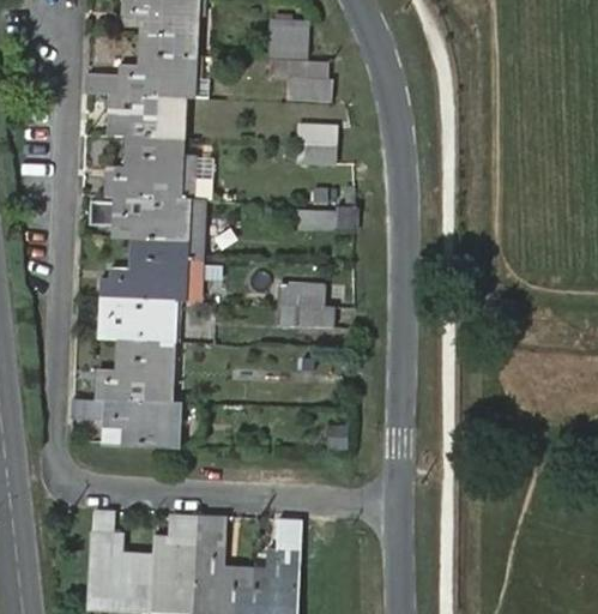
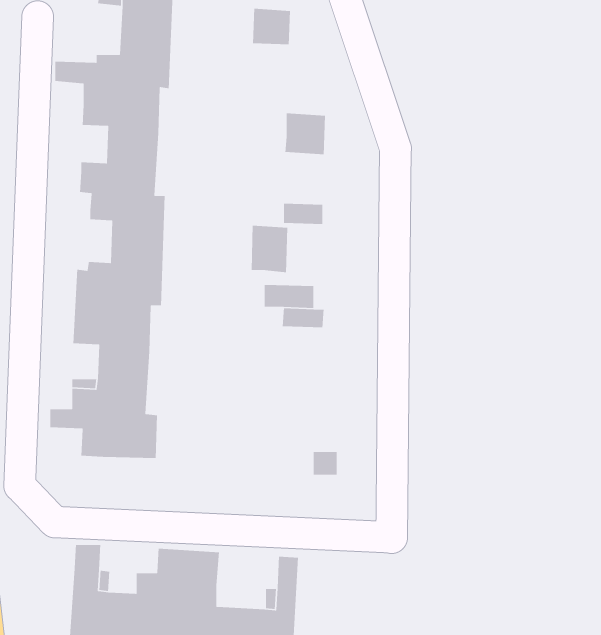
building: [262,60,330,100] -> none
building: none -> [251,225,288,273]

